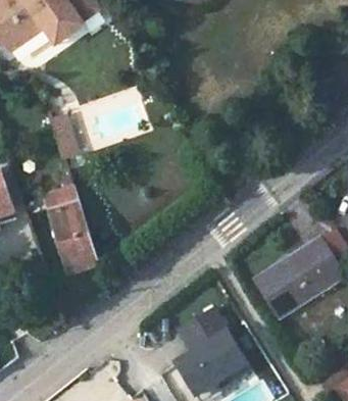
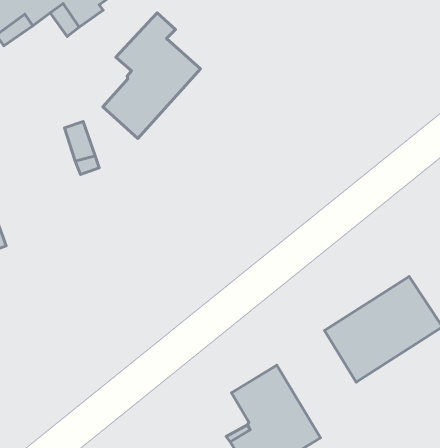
building: none -> [103,13,200,139]
building: [42,173,100,272] -> none

